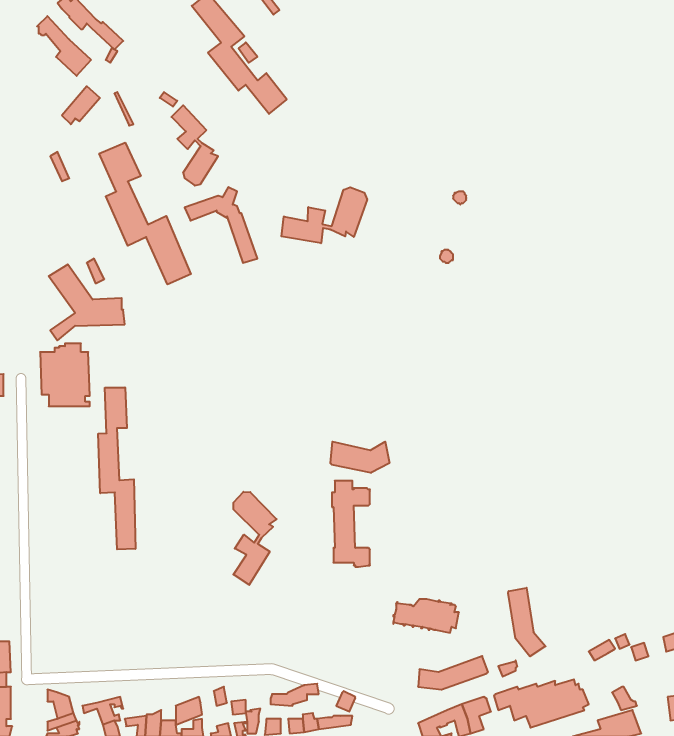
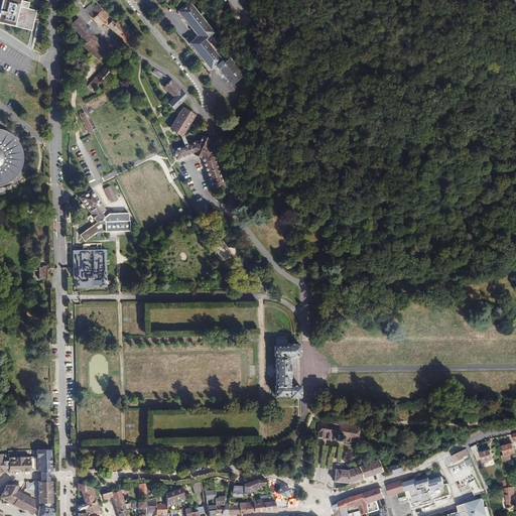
building: [99,143,191,284] -> none
building: [281,187,367,243] -> none
building: [98,387,135,549] -> none
building: [330,442,389,473] -> none
building: [233,492,277,585] -> none
building: [508,588,546,656] -> none

